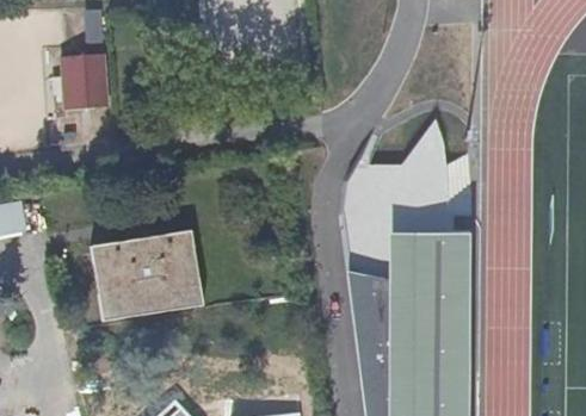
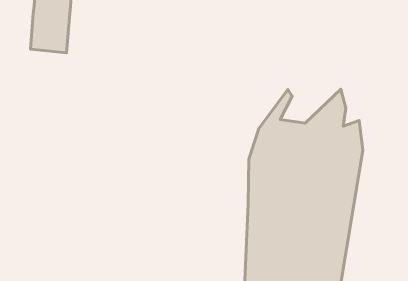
building: [88,230,203,322] -> none

